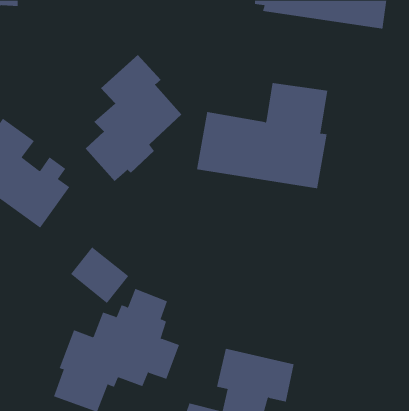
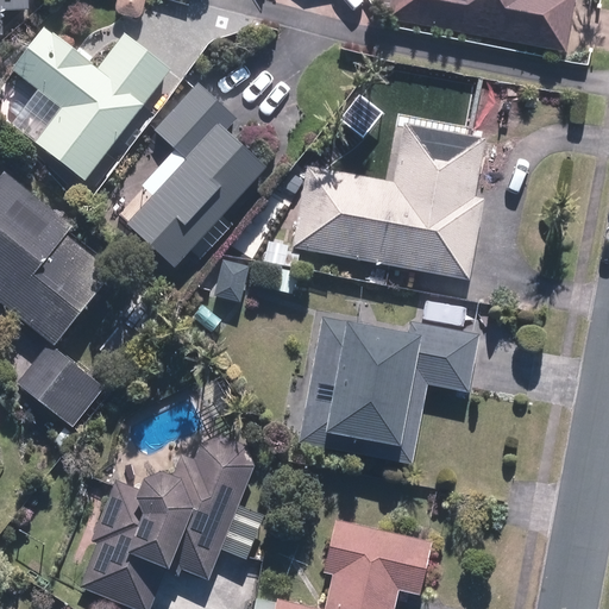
building: none -> [6,25,169,182]
building: none -> [314,310,476,460]
building: [70,246,129,304] -> [17,345,103,429]

